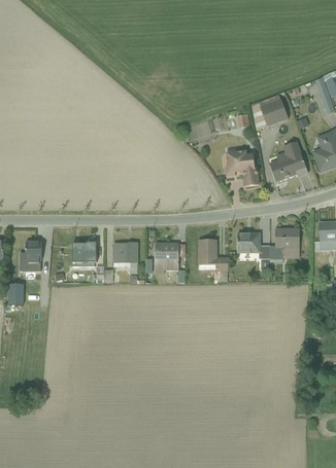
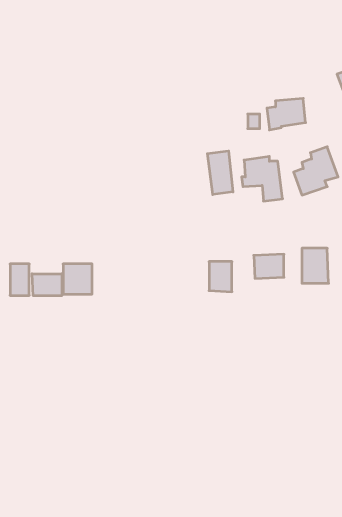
building: none -> [207,151,233,195]
building: [113,241,137,261] -> none
building: [154,241,179,272] -> none
building: none -> [32,274,62,296]

